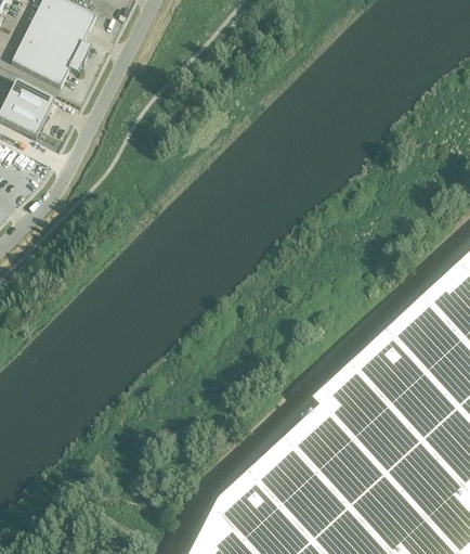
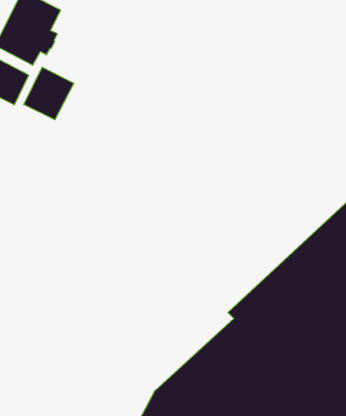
building: none -> [24,67,74,120]

